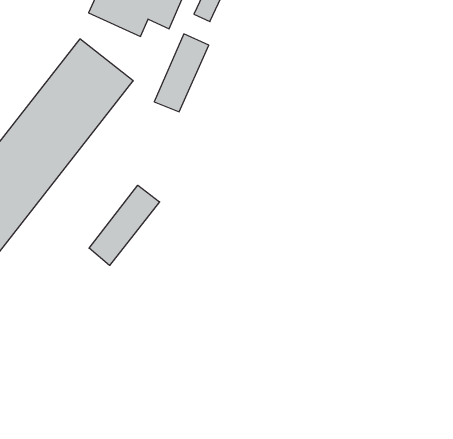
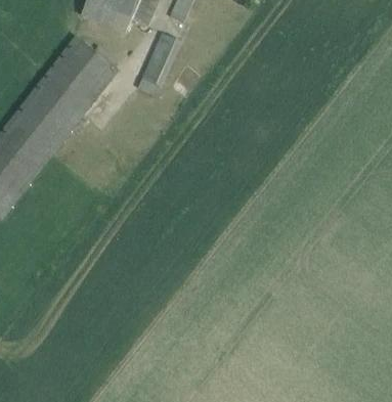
building: [89,185,160,265] -> none

